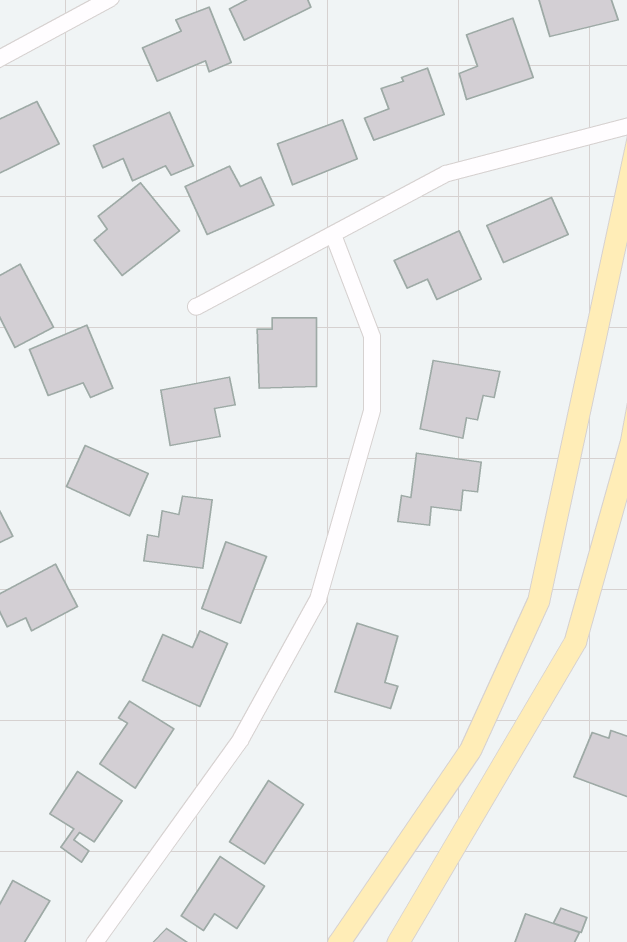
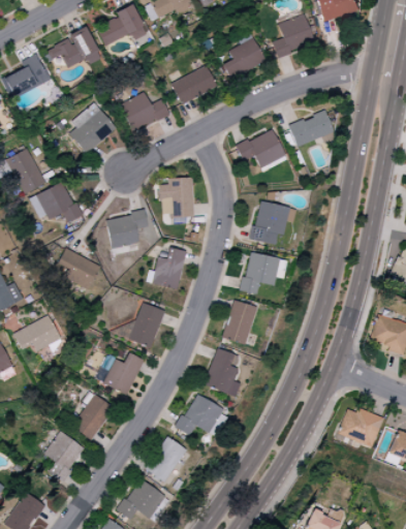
building: [93,112,193,181] -> [45,29,101,67]
building: [144,496,212,568] -> [147,248,185,288]
building: none -> [222,300,256,345]
building: none -> [176,394,221,435]

